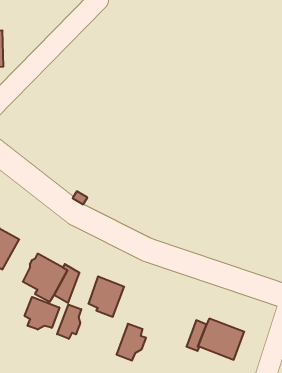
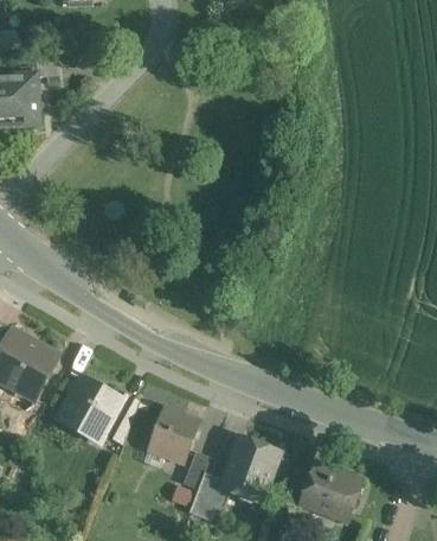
building: [25,297,59,330] -> none
building: none -> [221,438,278,503]
building: [57,304,81,339] -> none

